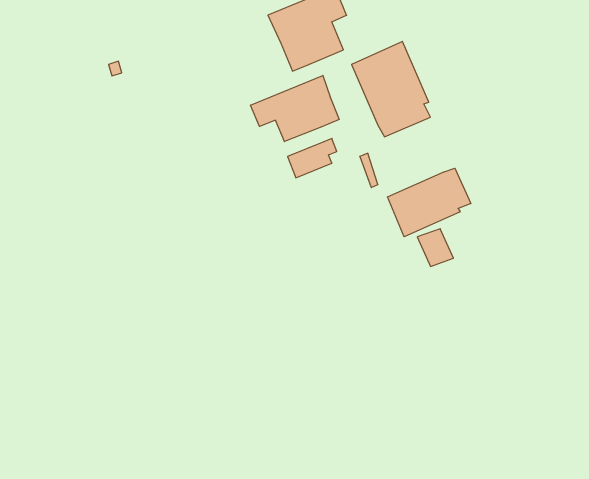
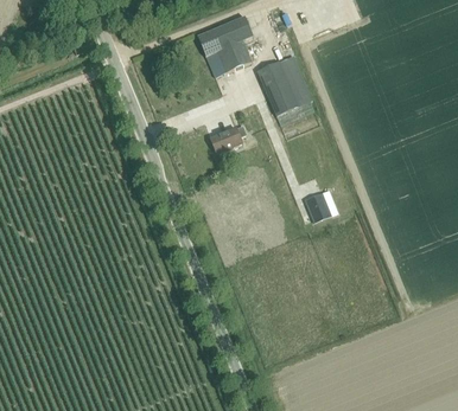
building: [251,75,339,142] -> none
building: [388,168,471,237] -> none

